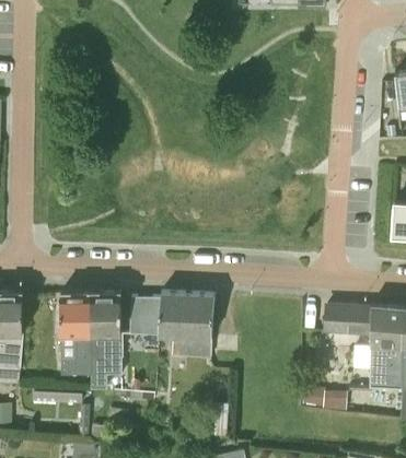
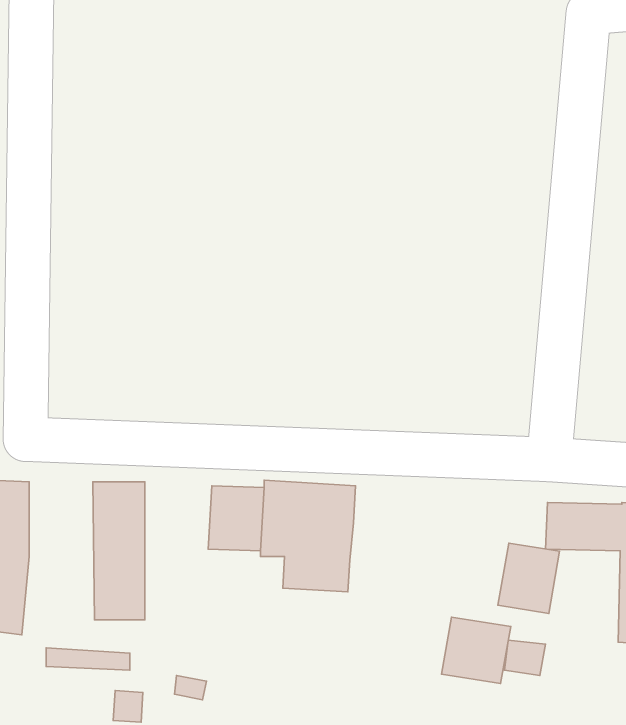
building: [91,293,121,389] -> none
building: none -> [498,543,560,613]
building: none -> [441,617,511,683]

